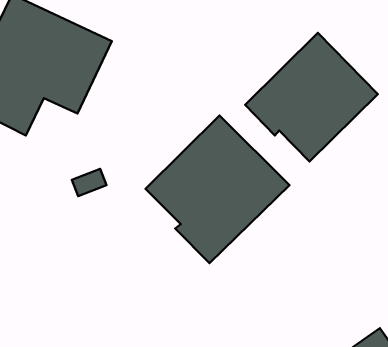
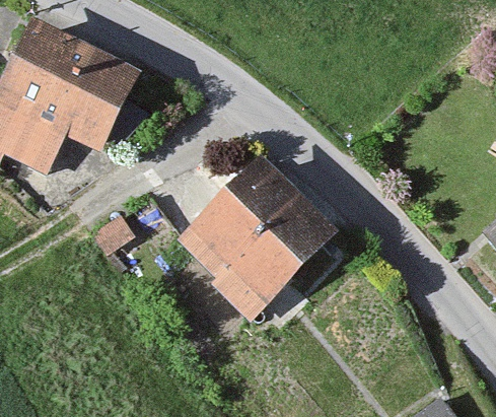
building: [245,33,378,162] -> none

